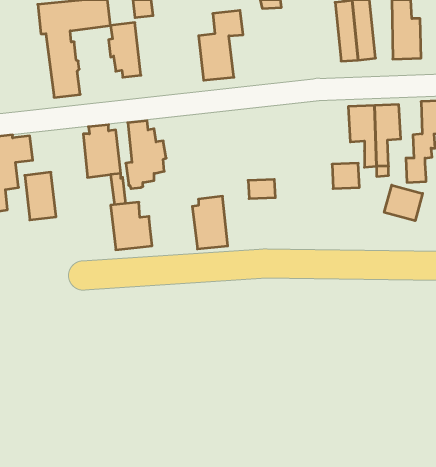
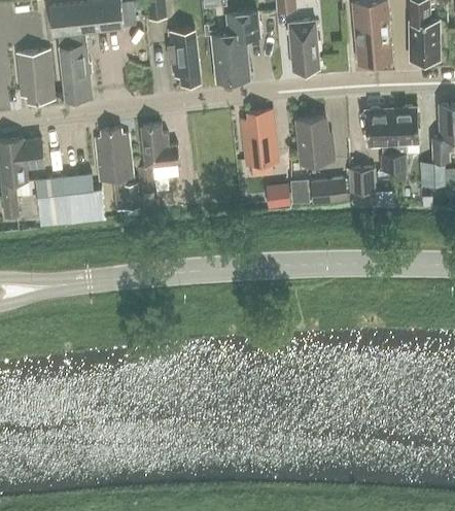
building: none -> [288,22,319,71]
building: [109,23,141,77] -> [168,29,201,84]
building: none -> [16,50,55,104]
building: none -> [296,117,334,165]
building: none -> [311,177,348,203]
building: [384,185,423,221] -> none
building: [192,196,228,249] -> [242,111,278,165]
building: [111,202,152,250] -> [63,174,105,223]

